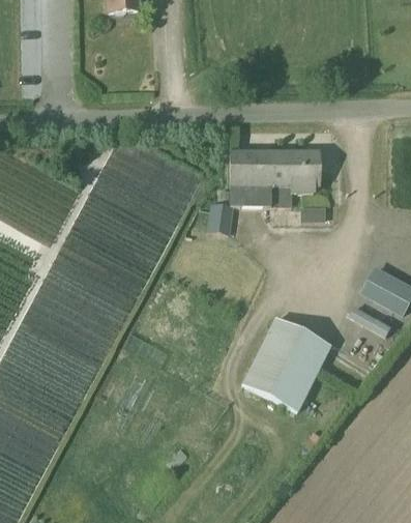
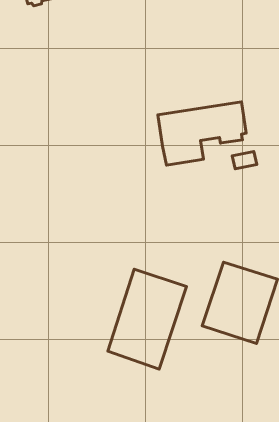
building: [208,203,235,232] -> none
building: none -> [108,269,186,369]

